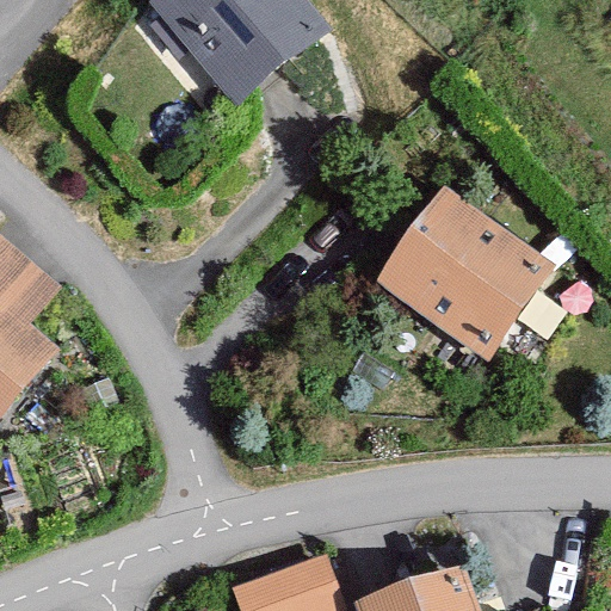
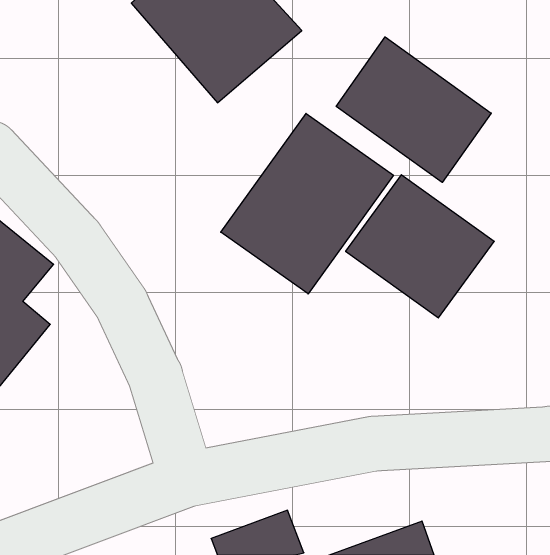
building: none -> [336,37,491,182]
building: none -> [221,113,393,294]

